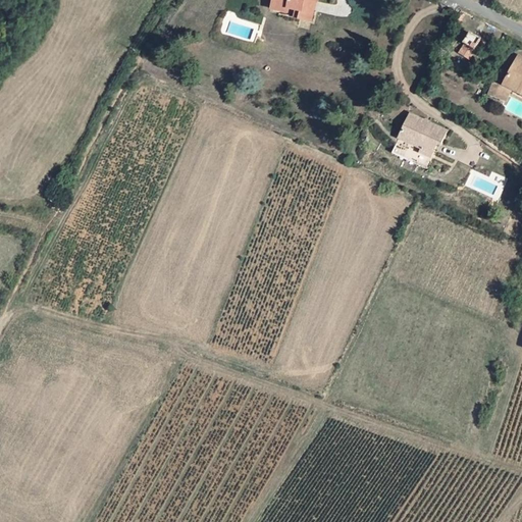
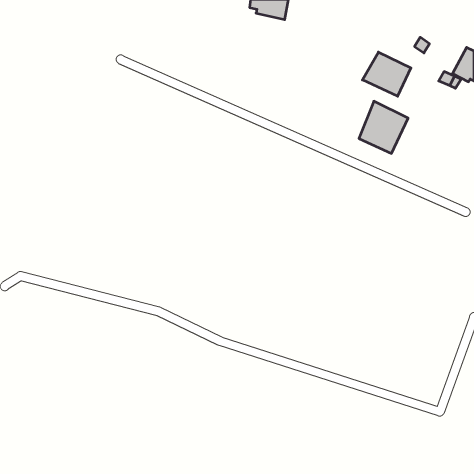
building: none -> [362,52,411,96]

